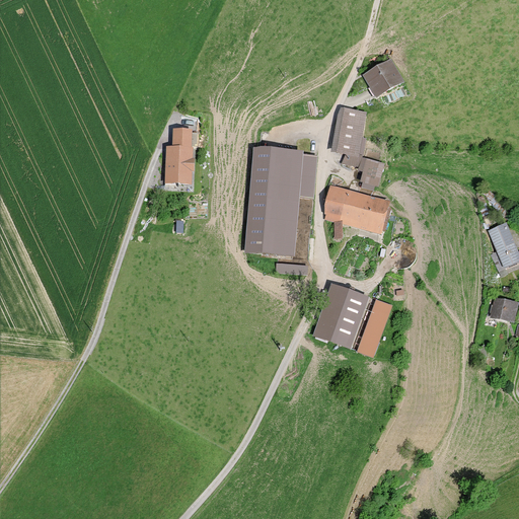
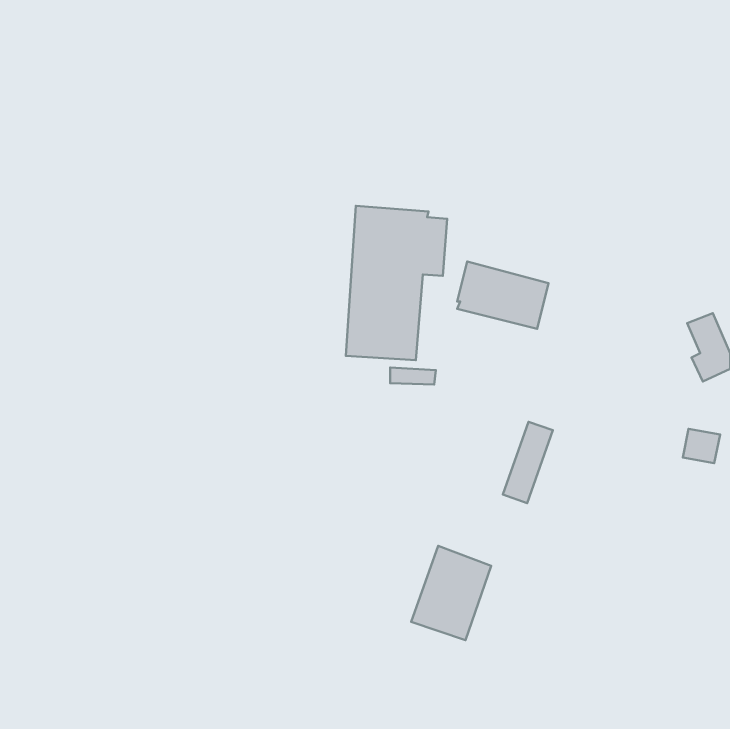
building: [364,58,404,96] -> none
building: [337,106,385,186] -> none
building: [168,130,198,183] -> none
building: [312,282,369,349] -> [411,546,491,640]

